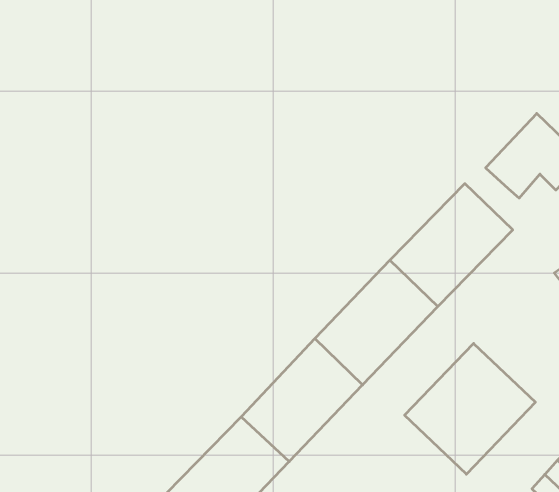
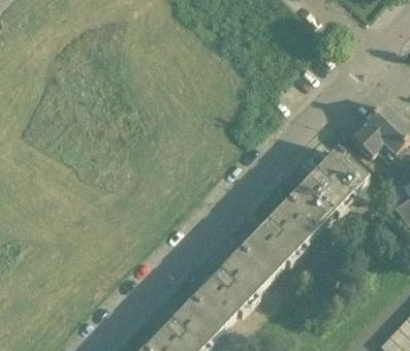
building: [405,343,535,474] -> none

